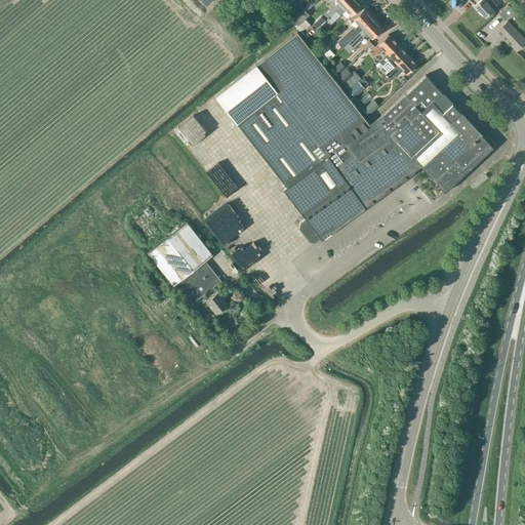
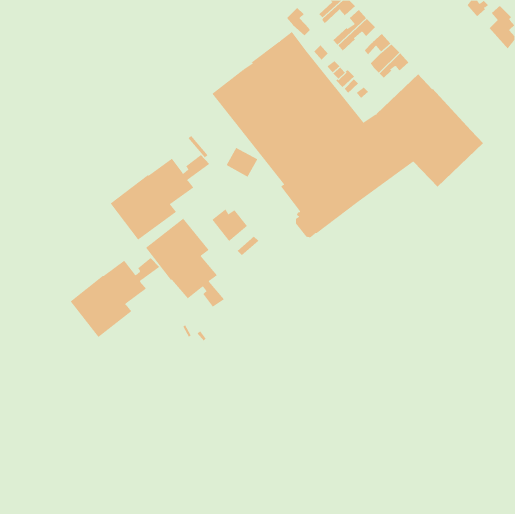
building: none -> [110,154,210,241]
building: none -> [70,257,160,338]

